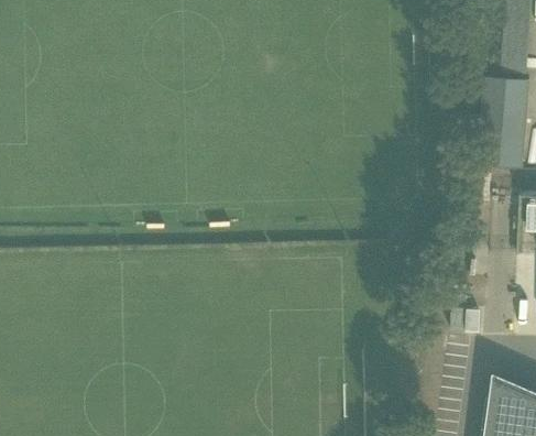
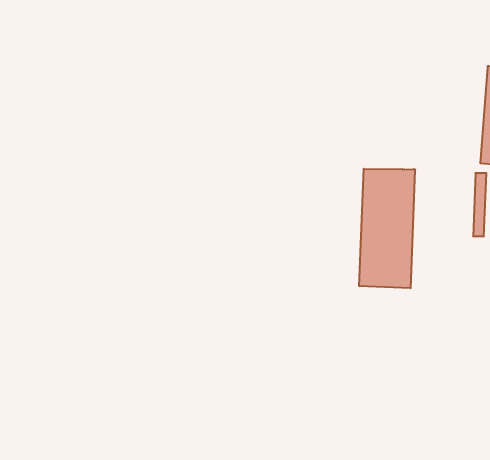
building: none -> [359,169,415,288]

